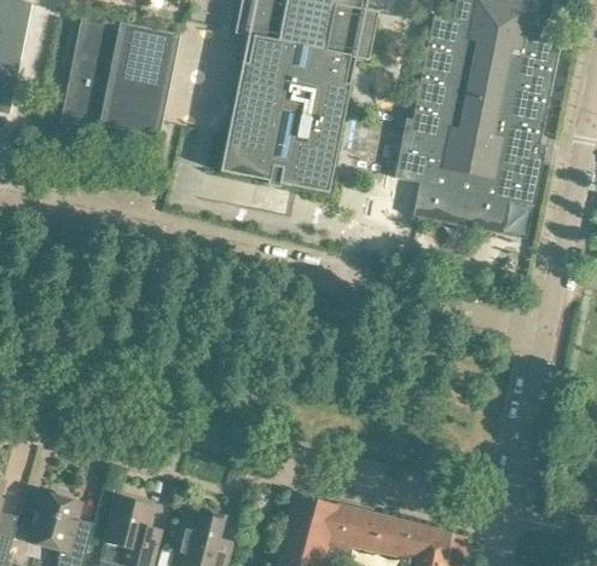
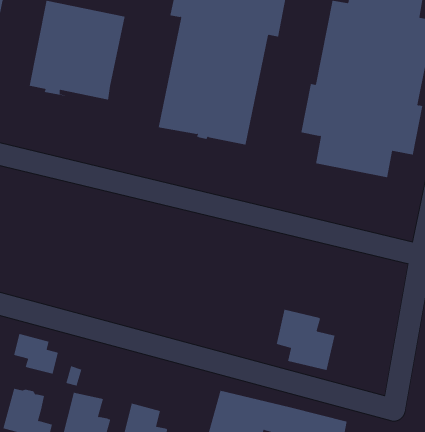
building: none -> [276,309,335,371]
building: none -> [14,333,58,375]

